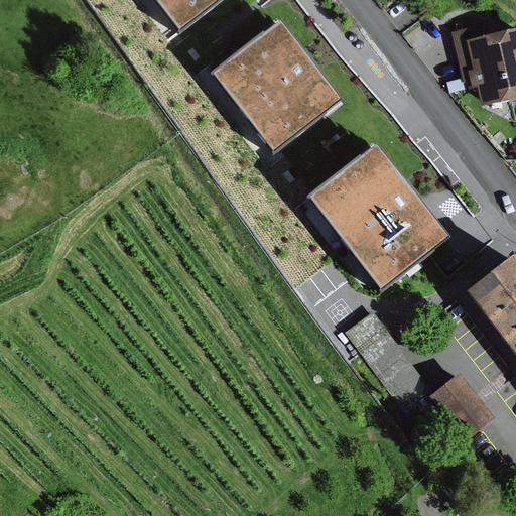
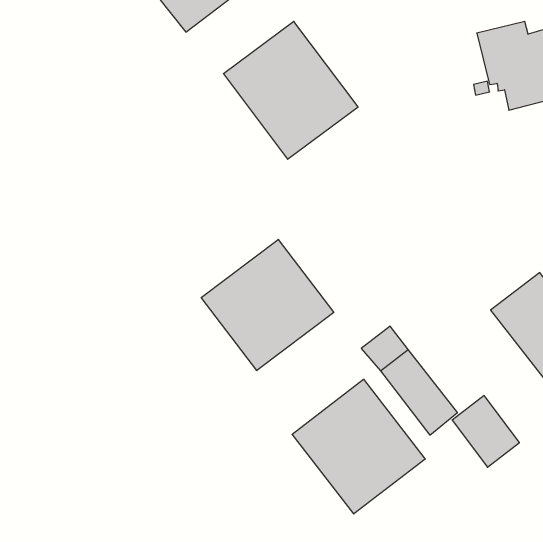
building: [307,143,448,290] -> none
building: none -> [201,239,334,371]
building: none -> [292,379,425,514]

